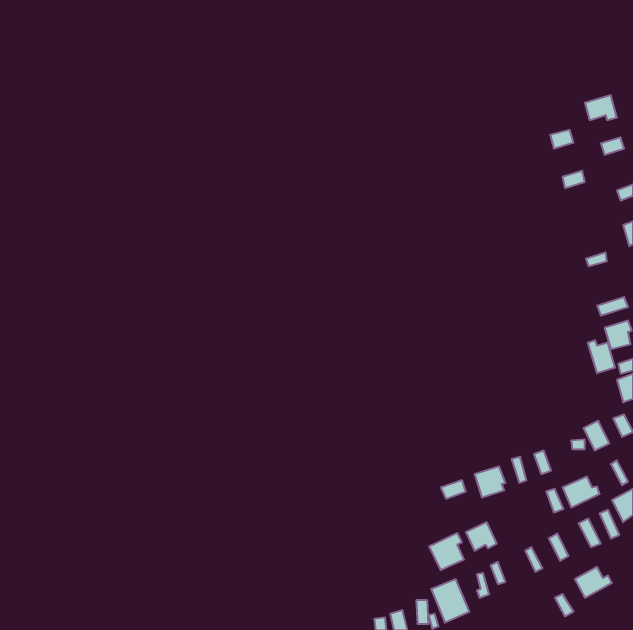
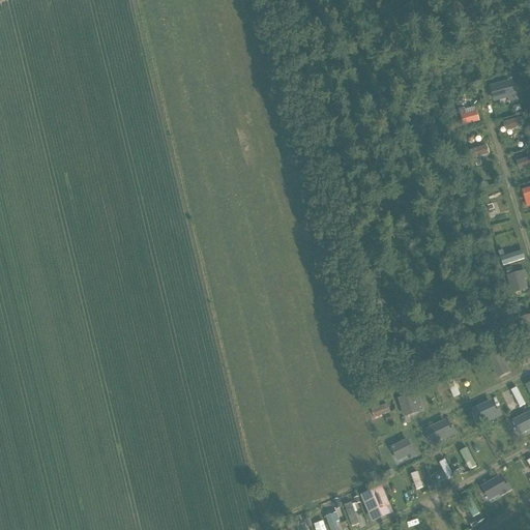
building: [588,340,615,373] -> none
building: none -> [424,418,455,443]
building: [429,533,464,570] -> none

